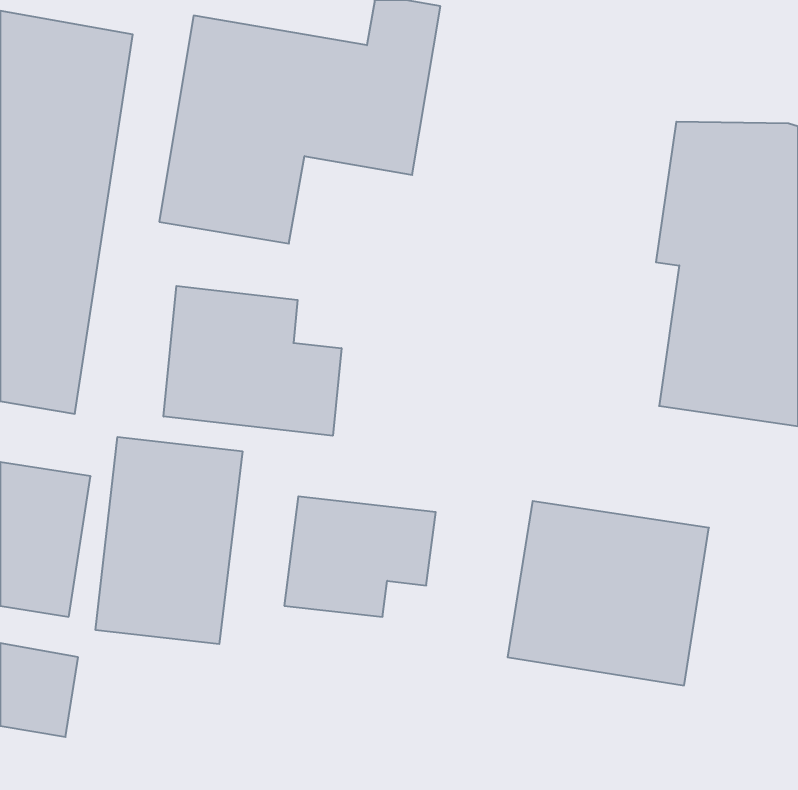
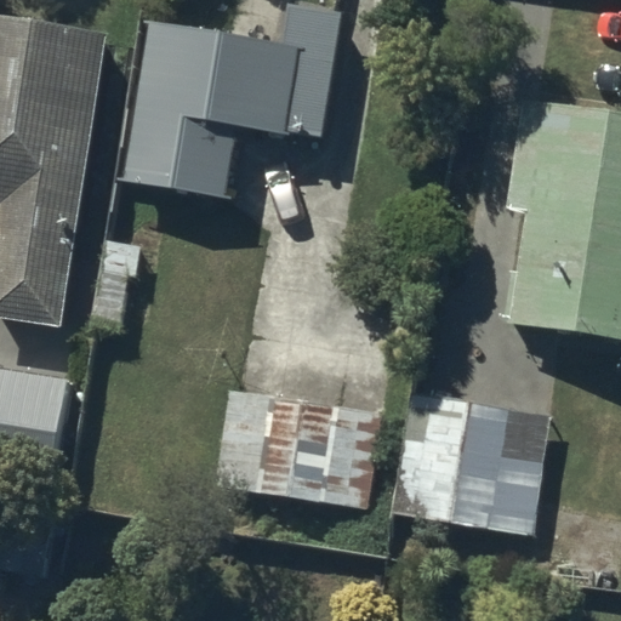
building: [164,286,341,436] -> none
building: [96,437,242,644] -> none

